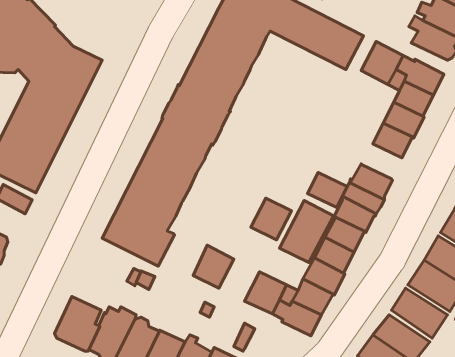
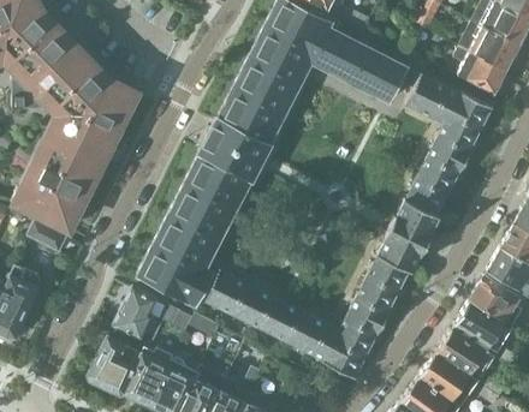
building: [308,173,347,208] -> [406,179,447,215]
building: [251,198,292,240] -> [258,298,301,341]
building: [280,201,334,263] -> none
building: none -> [204,270,246,315]
building: none -> [113,287,156,339]

